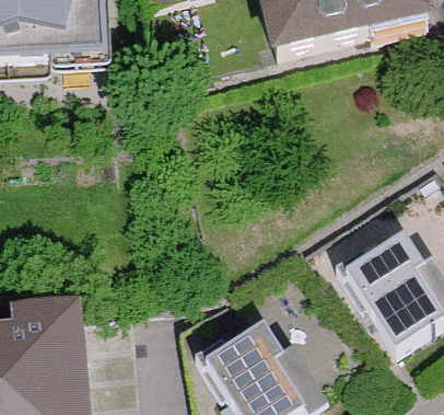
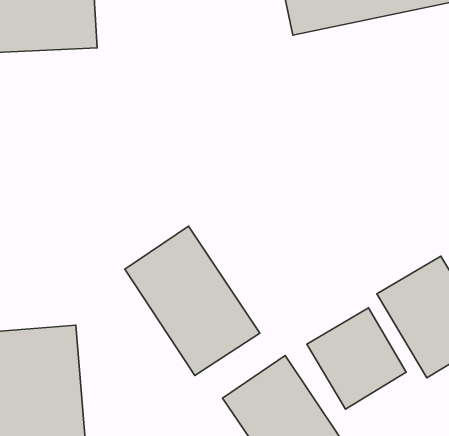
building: none -> [125,226,260,375]
building: none -> [307,308,406,409]

